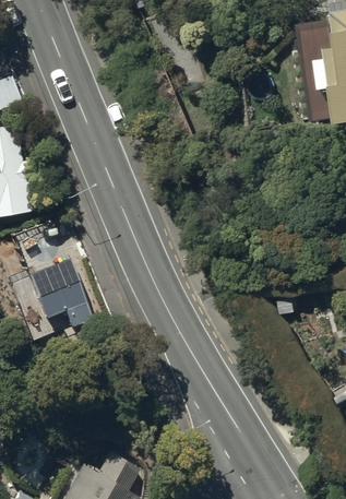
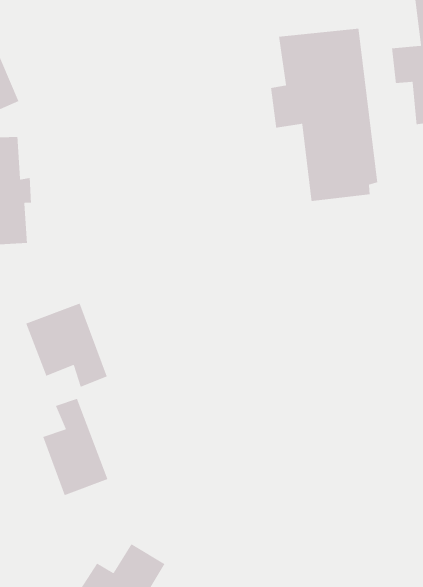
building: none -> [270,28,378,202]
building: none -> [42,398,108,496]

